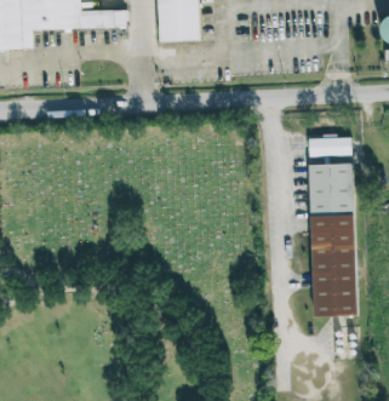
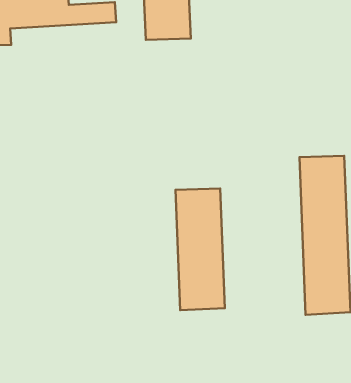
building: [308,132,350,151] -> none
building: none -> [175,189,225,310]

